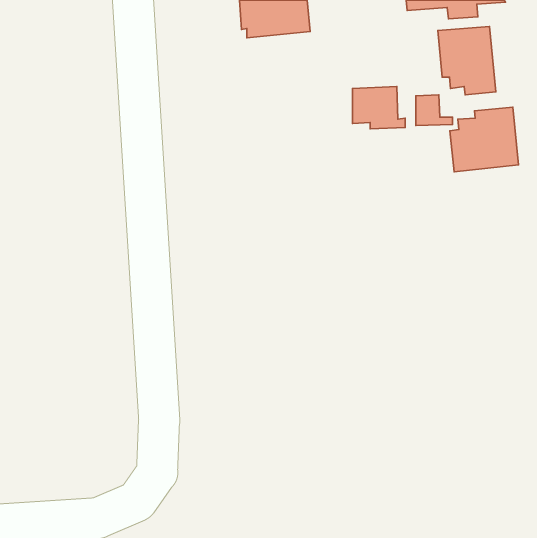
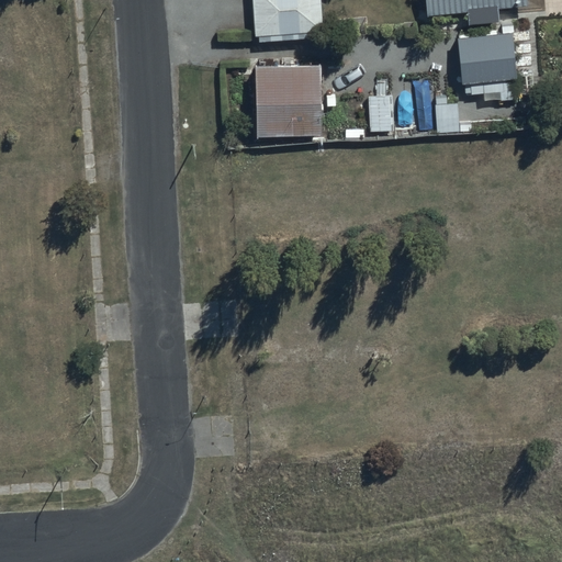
building: none -> [255,61,321,132]
building: [450,107,518,172] -> none

